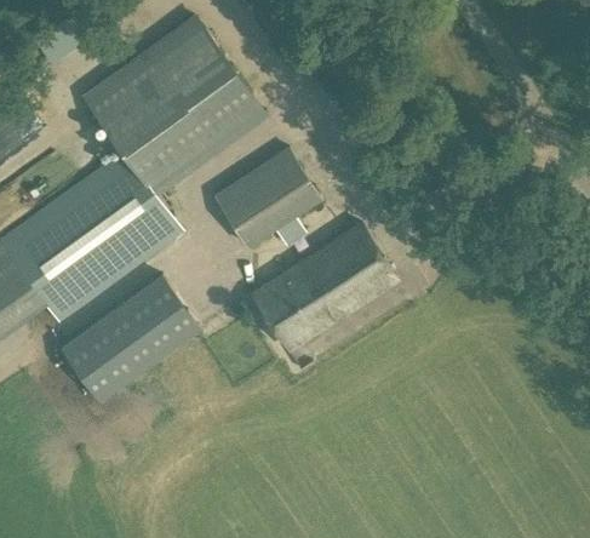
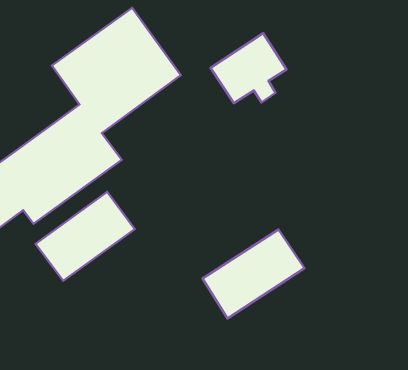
building: [214,149,321,247] -> [211,33,287,103]
building: [253,225,396,350] -> [202,229,305,318]

